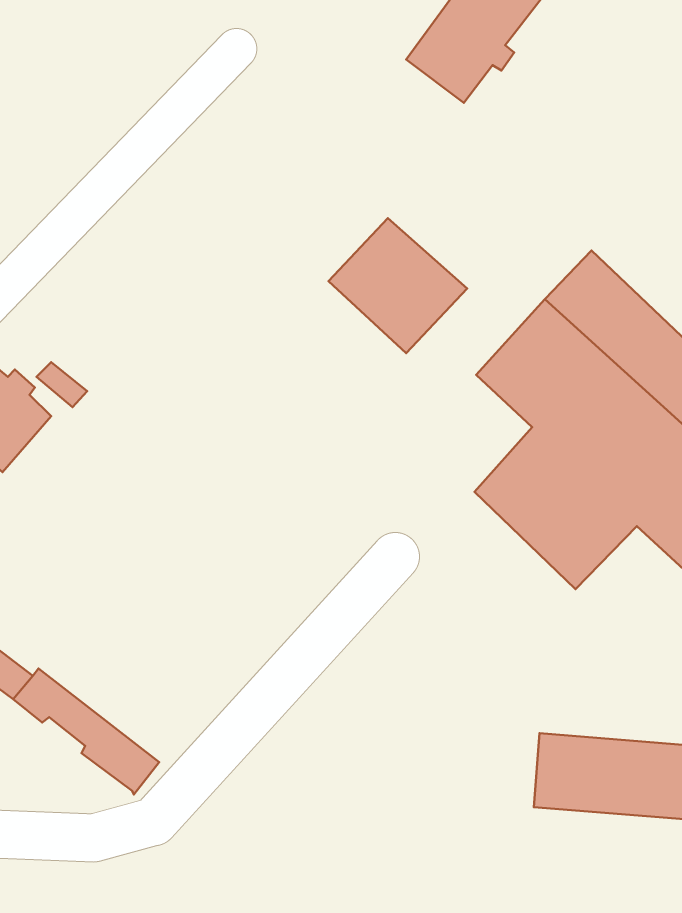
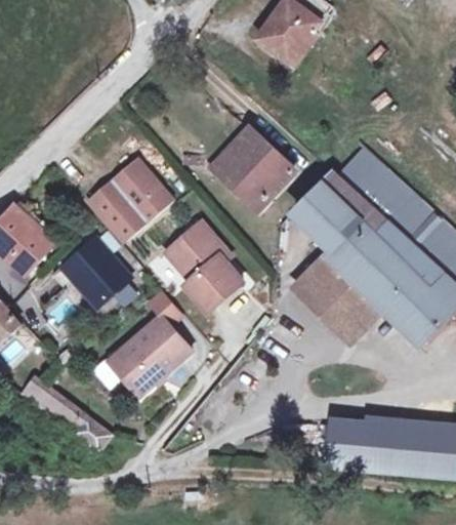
building: none -> [87,159,171,239]
building: none -> [165,223,242,313]
building: none -> [61,236,129,304]
building: none -> [107,316,190,396]

